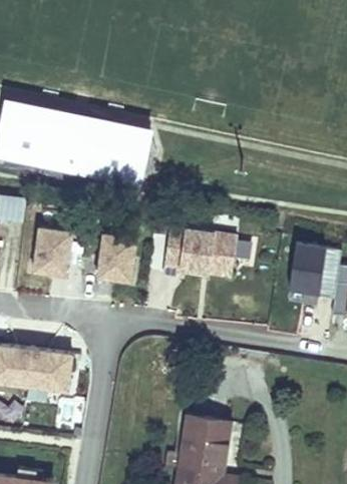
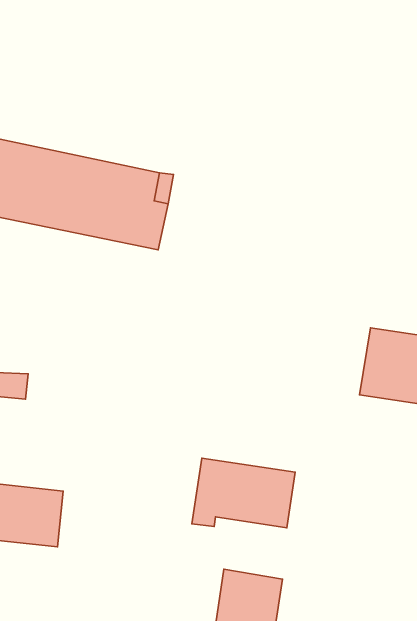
building: [34,226,73,276] -> none
building: [163,226,238,277] -> [192,458,295,528]
building: [97,232,135,280] -> none

